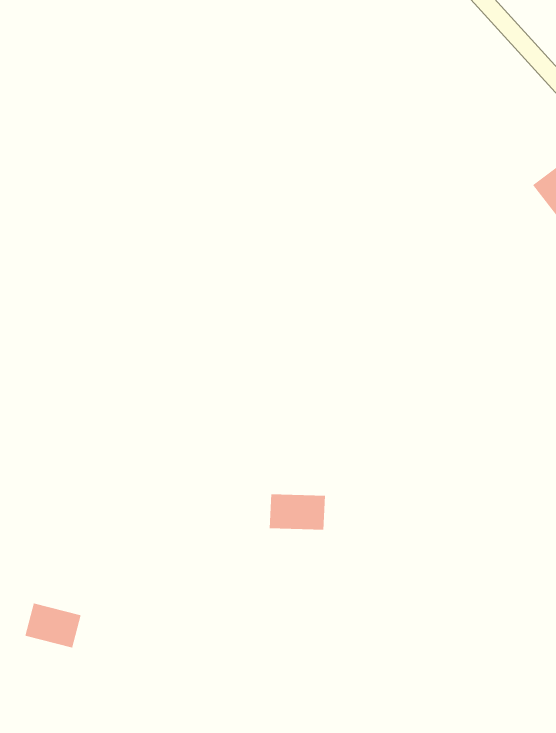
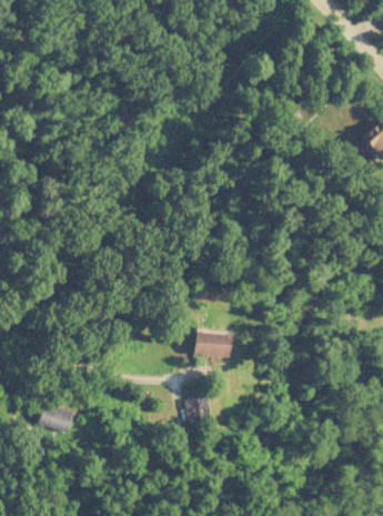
building: none -> [185,396,209,423]

